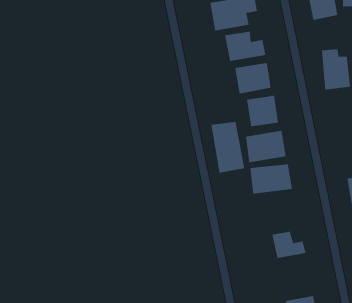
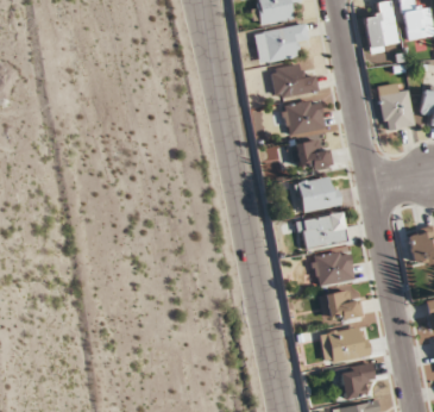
building: [211,121,245,174] -> none
building: none -> [312,249,354,285]
building: none -> [326,325,370,362]

